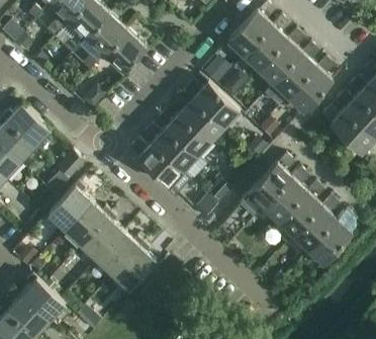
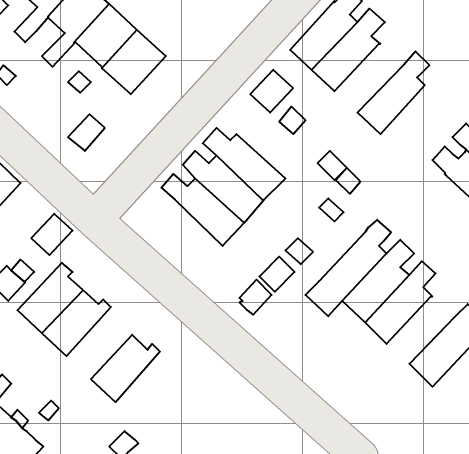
building: [257,30,304,85] -> none
building: [287,59,334,113] -> none
building: [184,81,240,129] -> none
building: [129,140,190,194] -> none
building: [291,197,339,251] -> none
building: [80,214,123,261] -> none
building: [112,243,156,291] -> none

